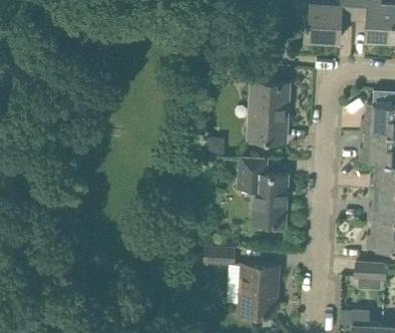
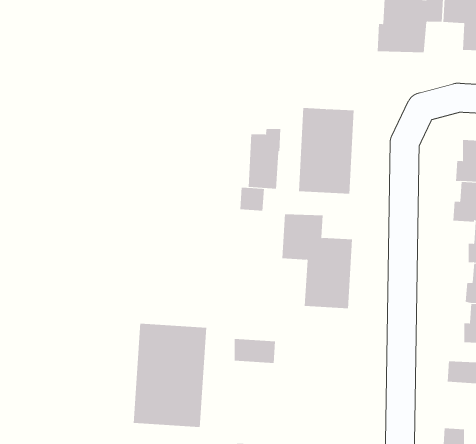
building: none -> [248,128,281,190]
building: none -> [133,323,207,428]
building: [239,265,279,317] -> none

